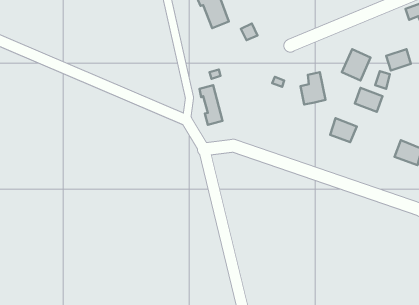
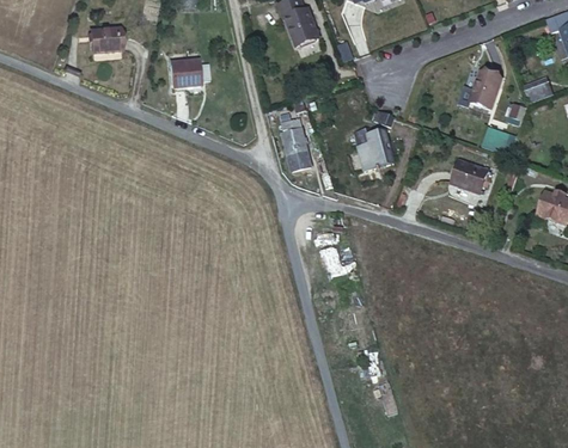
building: none -> [92,26,124,53]
building: none -> [171,63,201,87]
building: [301,72,325,104] -> [359,125,391,167]

